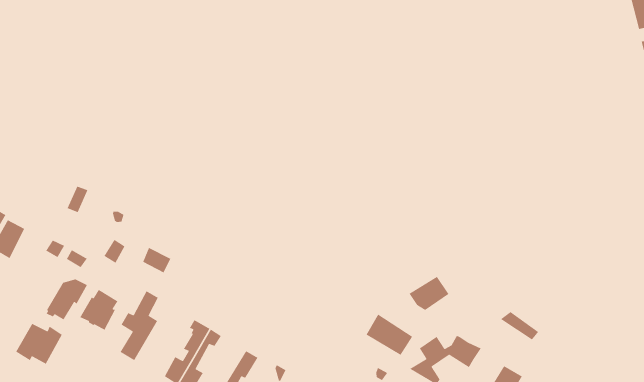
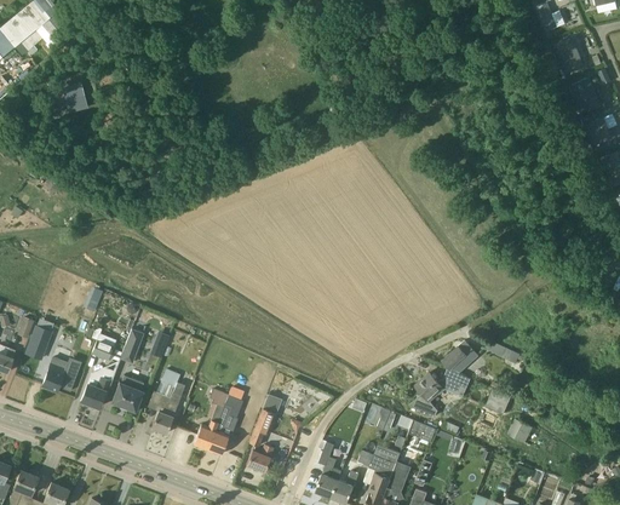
building: [409,276,450,311] -> [442,340,478,373]
building: [365,313,413,356] -> none
building: [15,323,63,365] -> [42,357,82,392]

